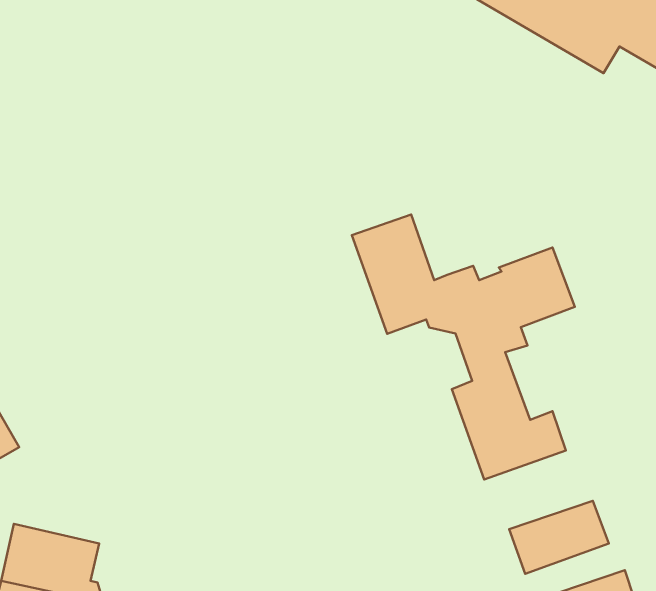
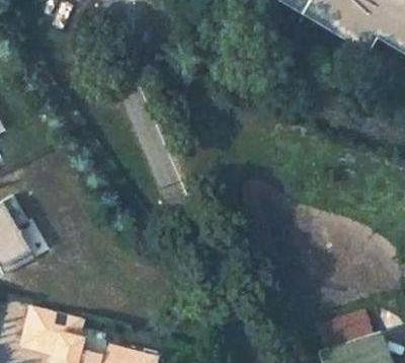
building: [352,214,575,480] -> none

